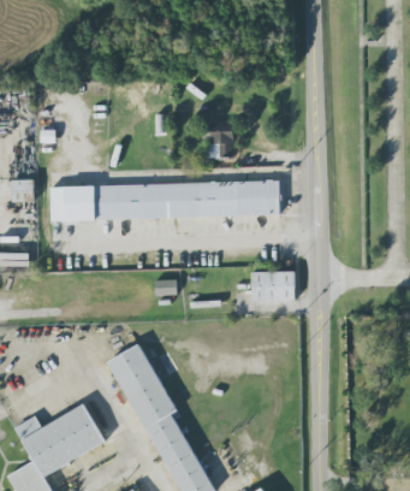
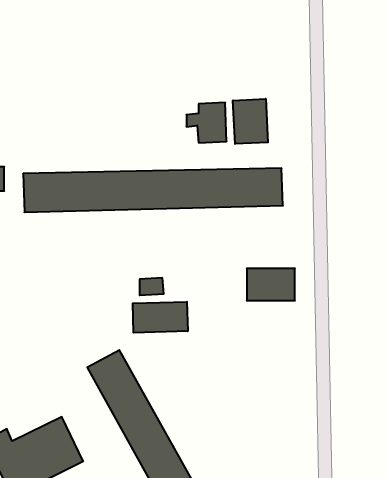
building: none -> [233,99,268,144]
building: none -> [133,302,188,333]

